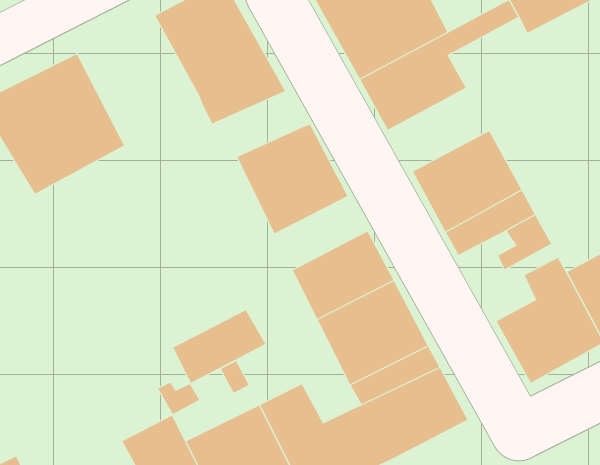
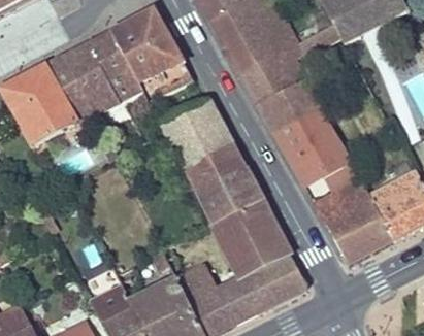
building: none -> [62,32,140,113]
building: none -> [257,77,321,130]
building: none -> [312,175,364,224]
building: [172,310,266,384] -> [186,145,244,192]

